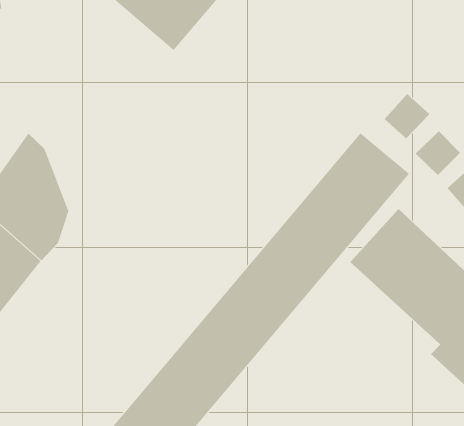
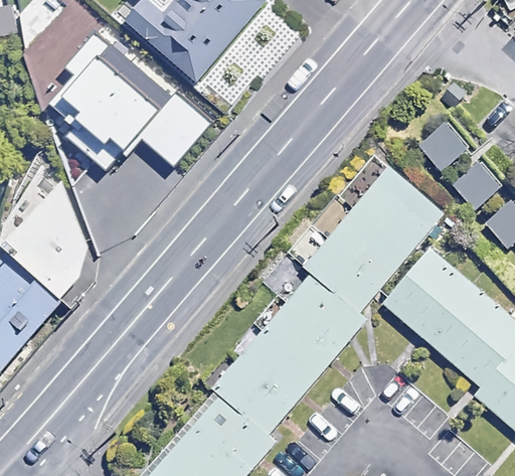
building: none -> [53,38,210,171]

